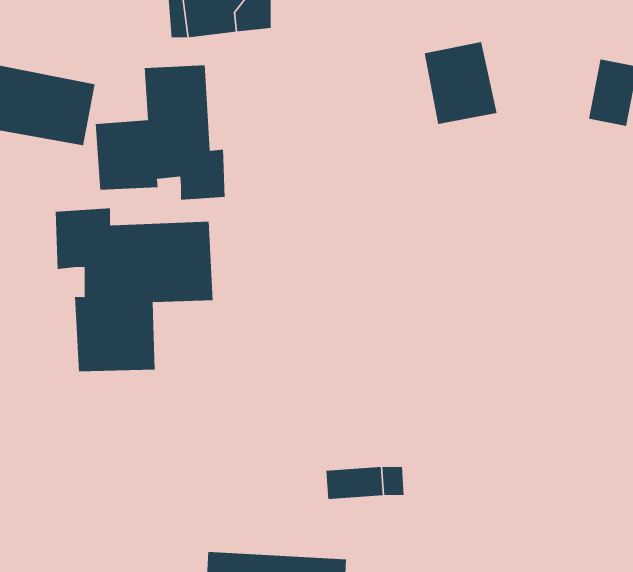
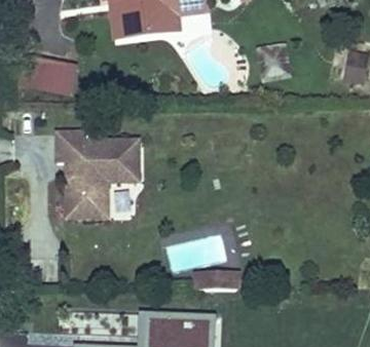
building: [95,65,225,201] -> none

